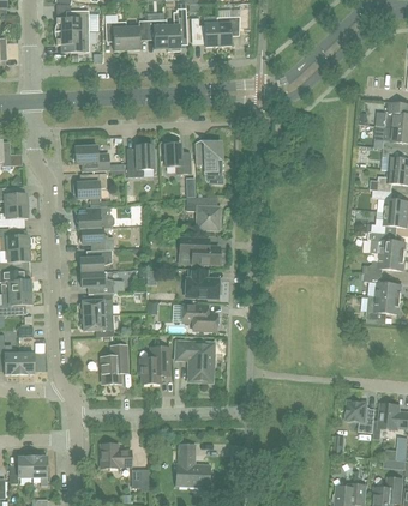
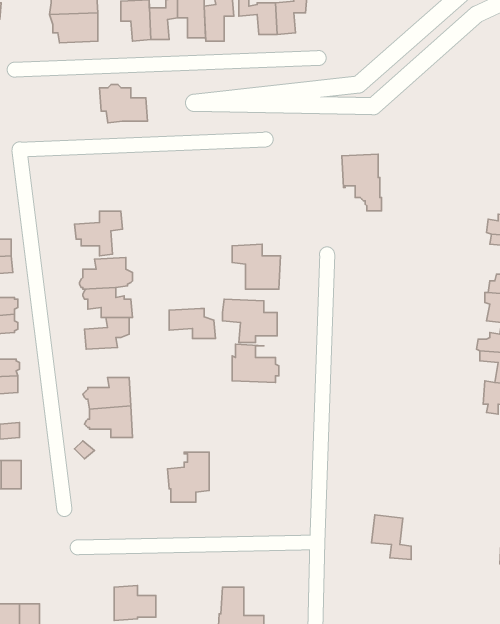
building: [164,140,190,173] -> none
building: [194,141,223,182] -> [342,154,382,211]
building: [74,144,109,171] -> [99,85,148,123]
building: [127,144,154,176] -> none
building: [80,271,114,293] -> [169,309,216,339]
building: [182,303,218,330] -> none
building: [175,341,214,381] -> none
building: [101,345,127,384] -> none
building: [344,399,373,432] -> [371,515,411,560]

